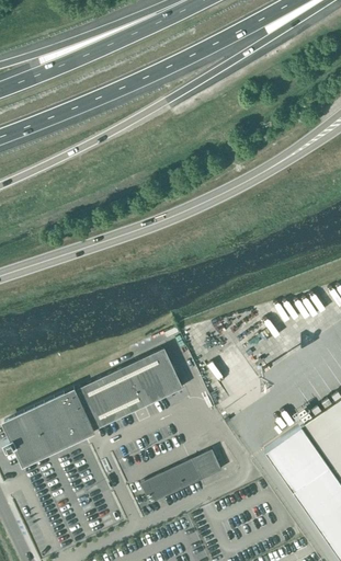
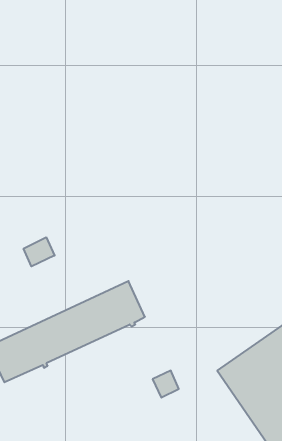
building: none -> [24,237,55,266]
building: [140,463,200,505] -> none

